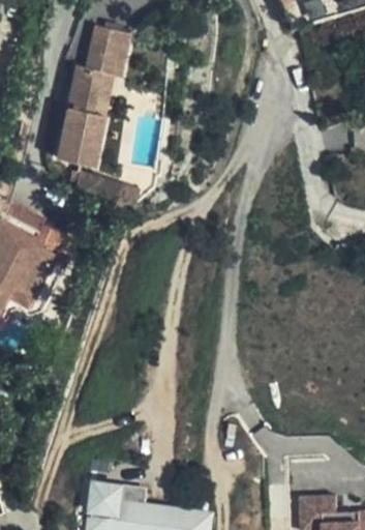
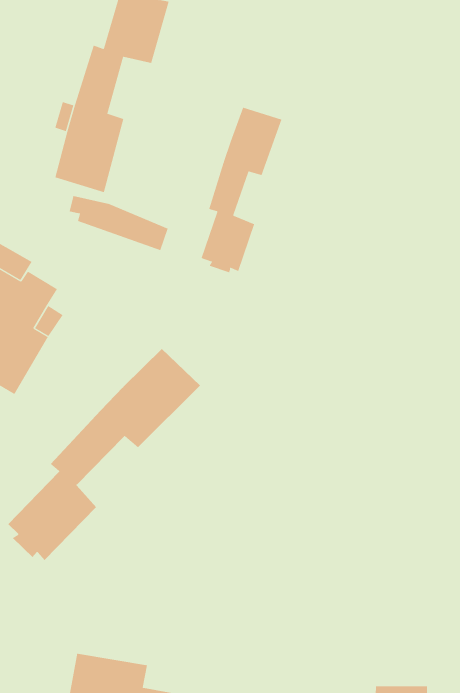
building: none -> [201,107,282,273]
building: none -> [7,348,201,561]

